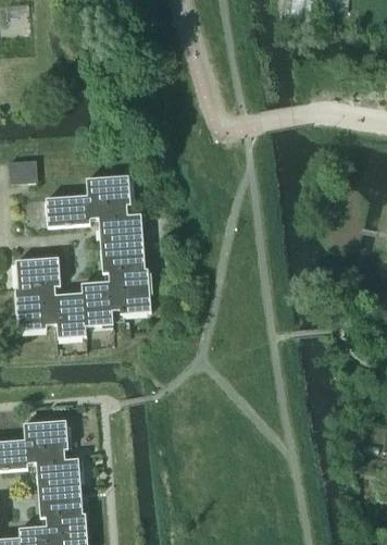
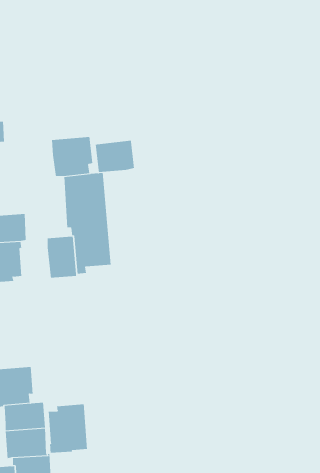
building: none -> [95,140,135,173]
building: [46,195,90,226] -> none
building: [53,293,86,337] -> none
building: none -> [48,404,87,454]

